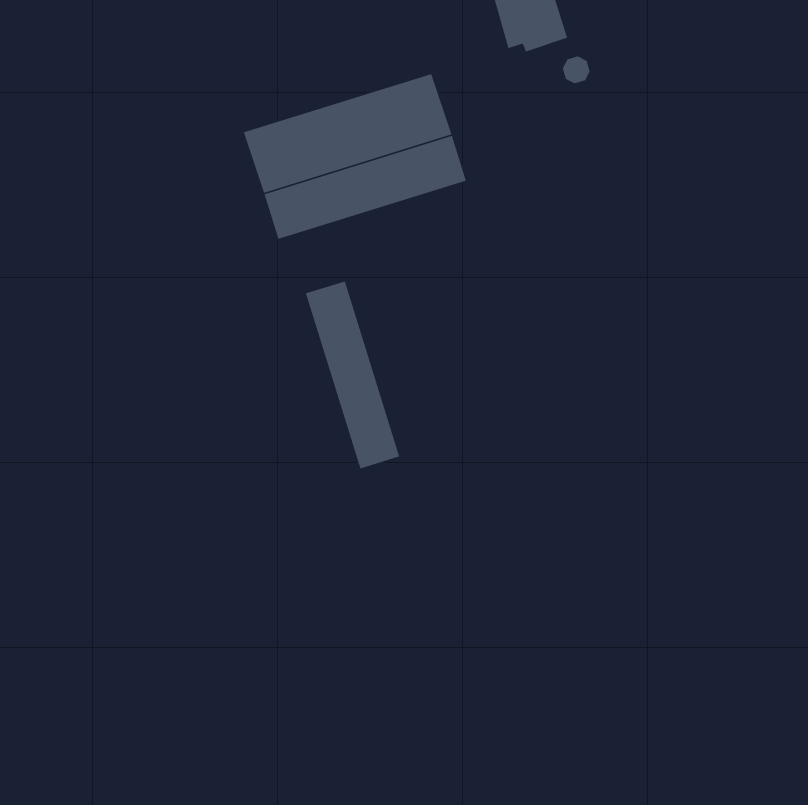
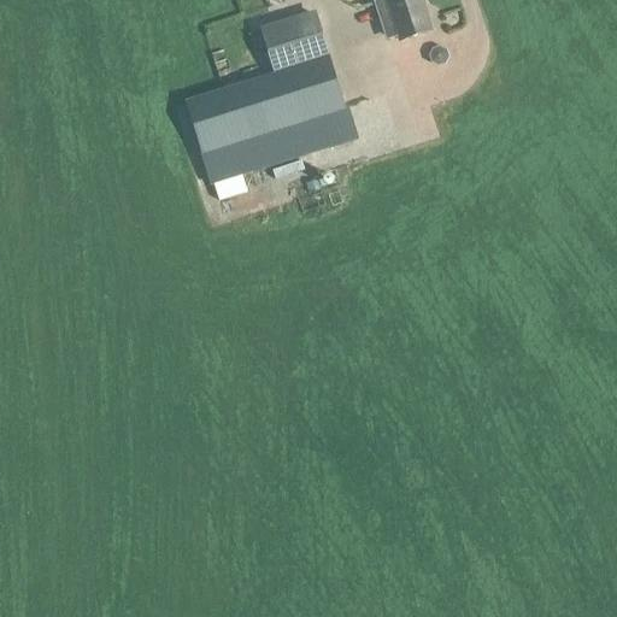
building: none -> [263,8,328,71]
building: [305,280,400,469] -> none

